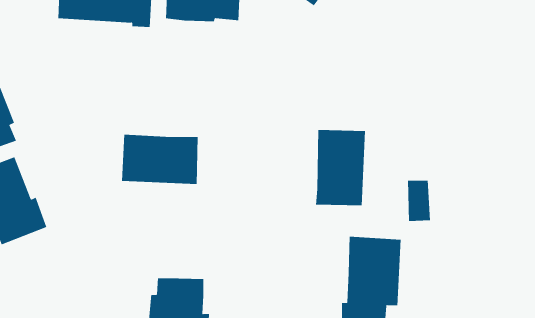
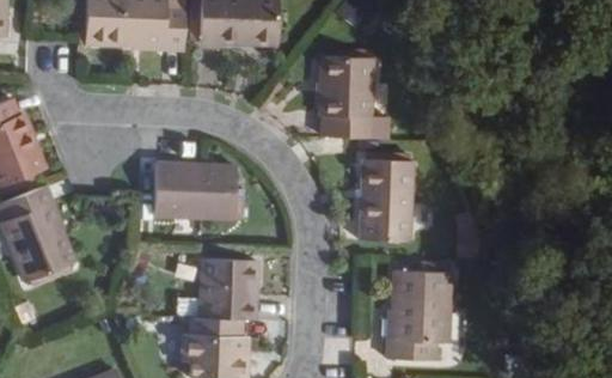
building: none -> [320,56,388,140]
building: none -> [201,257,257,318]

